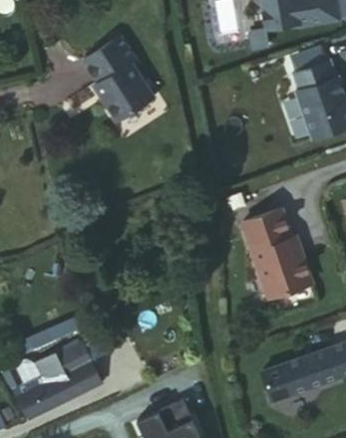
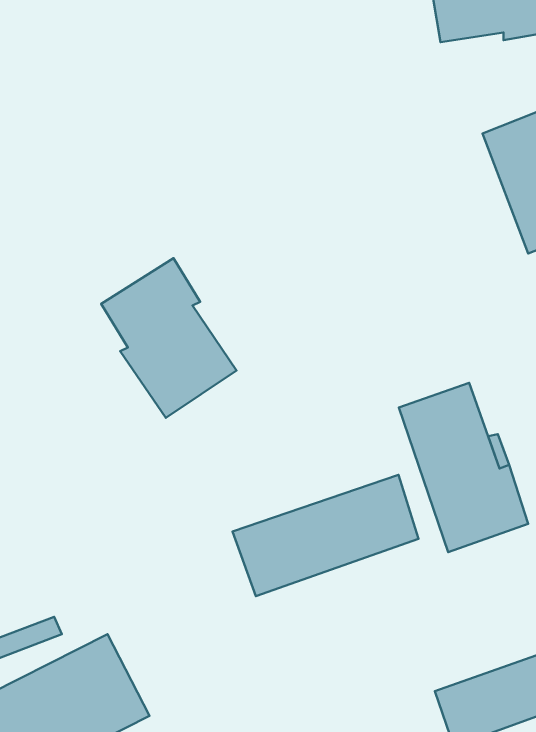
building: [81,38,152,123] -> [101,258,236,418]
building: none -> [232,475,419,596]

